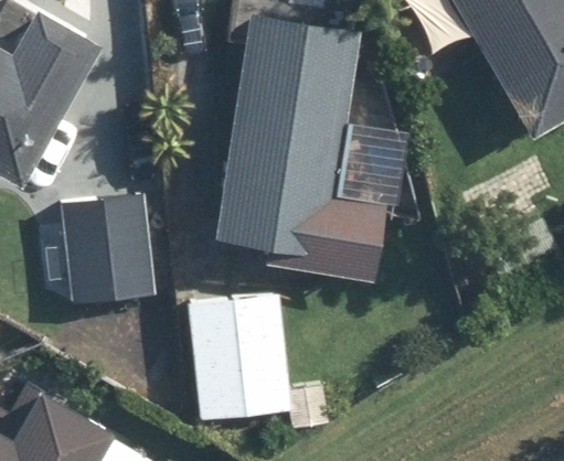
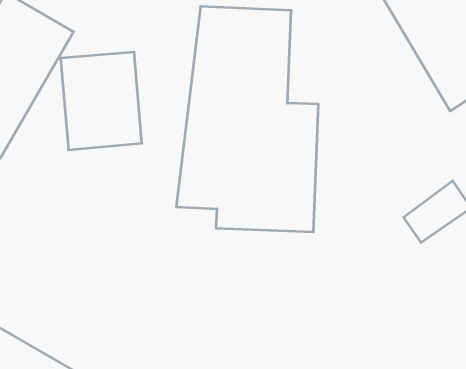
building: [61,191,153,302] -> [61,52,142,150]
building: [188,296,289,417] -> none

